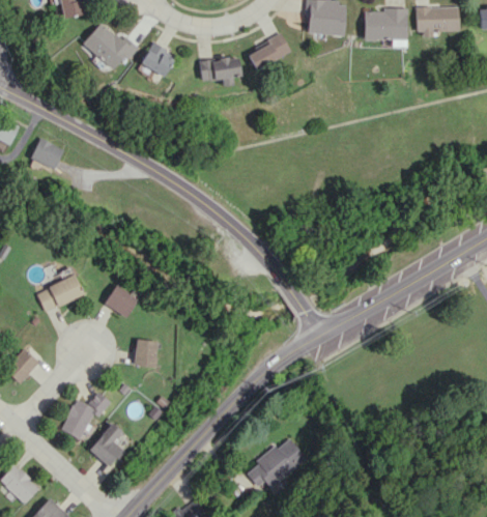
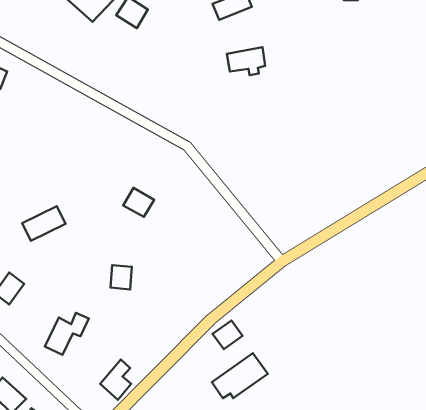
building: [198,55,240,86] -> [227,47,265,75]
building: [31,138,64,169] -> none
building: [104,285,138,317] -> [123,188,154,217]
building: none -> [212,320,243,349]
building: [89,423,123,467] -> [100,360,131,400]

